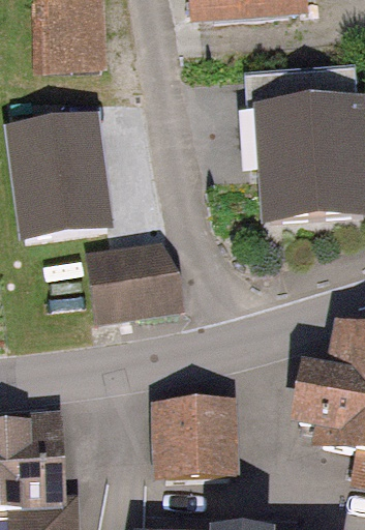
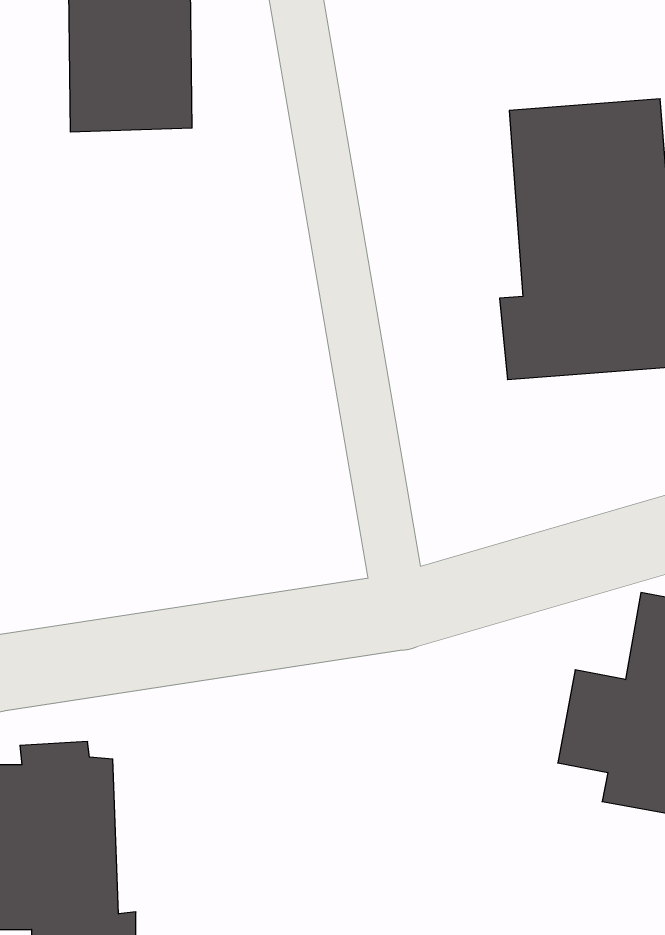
building: [11,125,108,232] -> none
building: [90,244,181,311] -> none
building: [164,399,231,474] -> none

